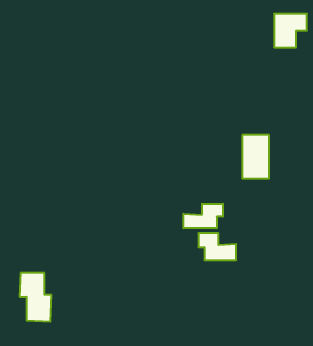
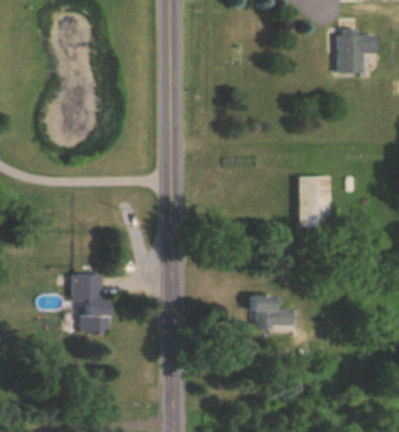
building: [183,204,223,228] -> none
building: [20,273,51,322] -> [72,275,110,333]

